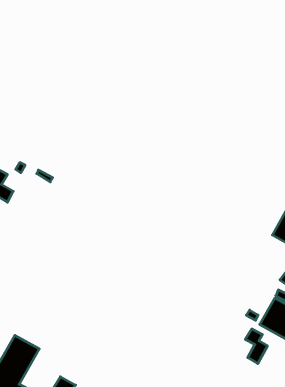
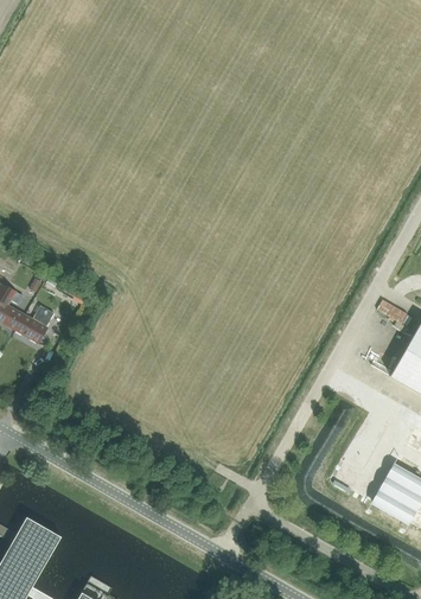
building: none -> [17,307,56,344]
building: [245,329,267,364] -> none

